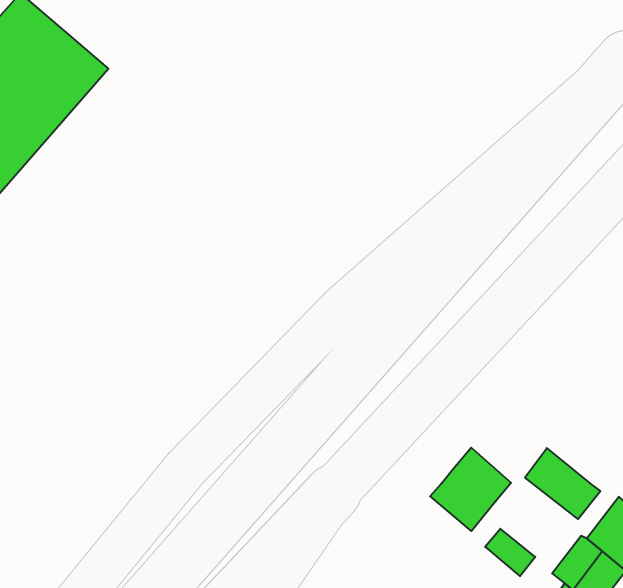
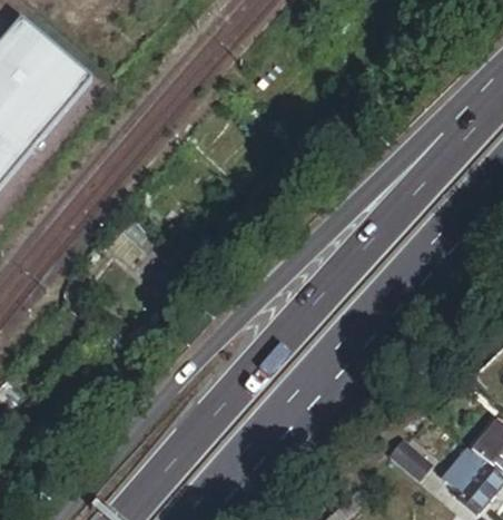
building: [430,448,511,531] -> none
building: [525,448,600,519] -> none

